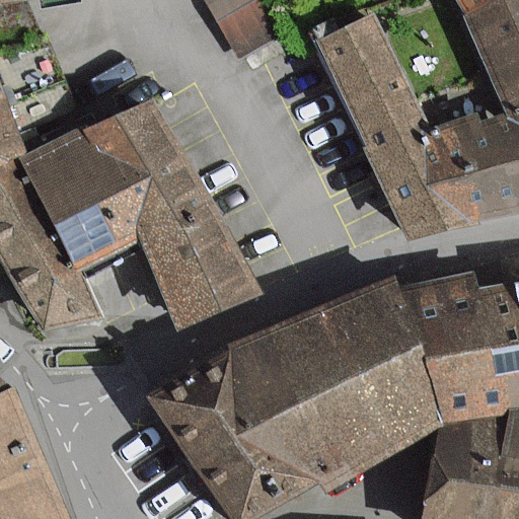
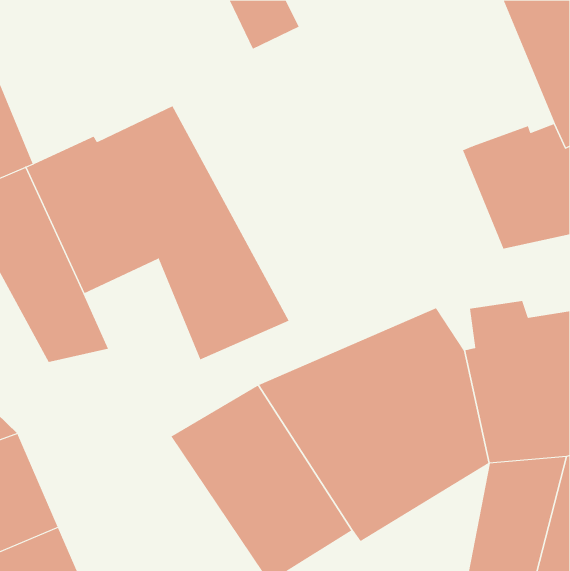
building: [316,16,454,237] -> none

